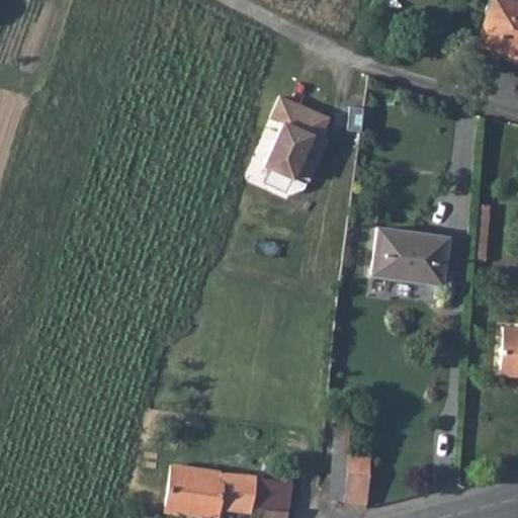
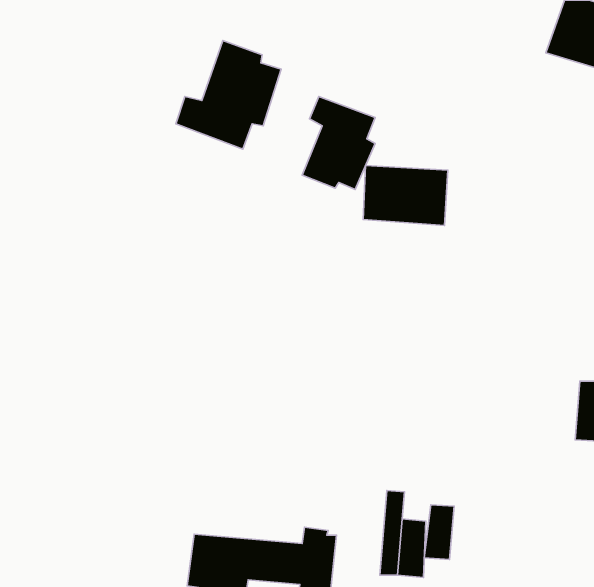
building: none -> [176,41,281,149]
building: [374,229,447,280] -> [363,166,448,226]
building: none -> [424,505,454,560]

